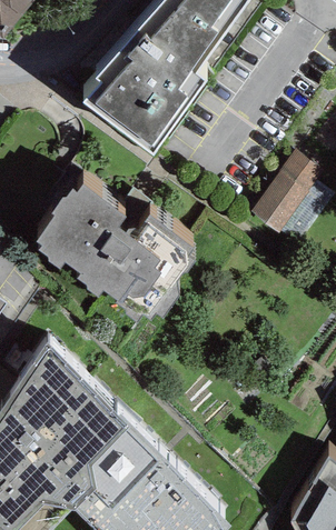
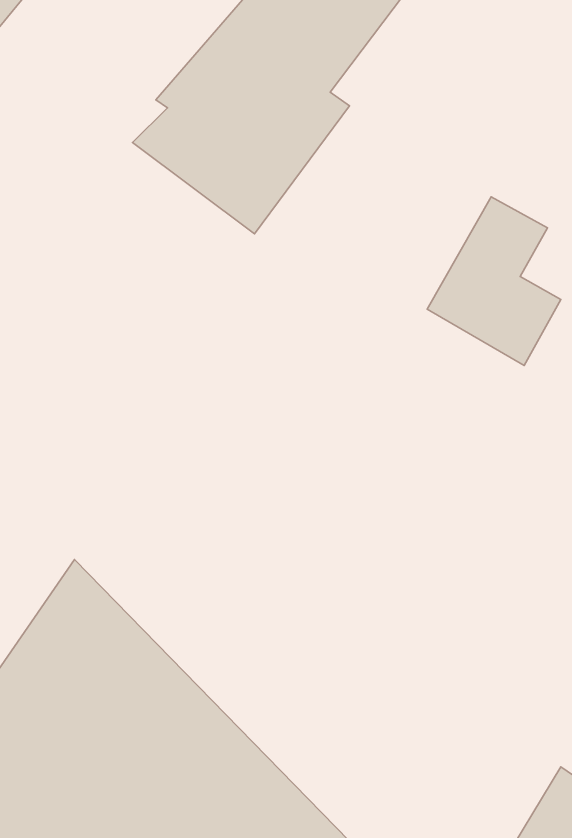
building: [34,181,195,319] -> none

